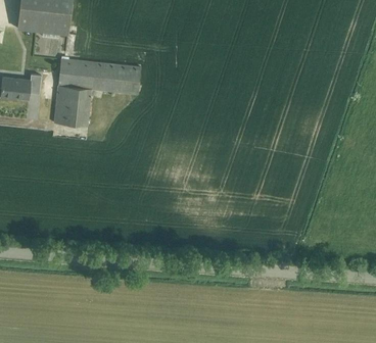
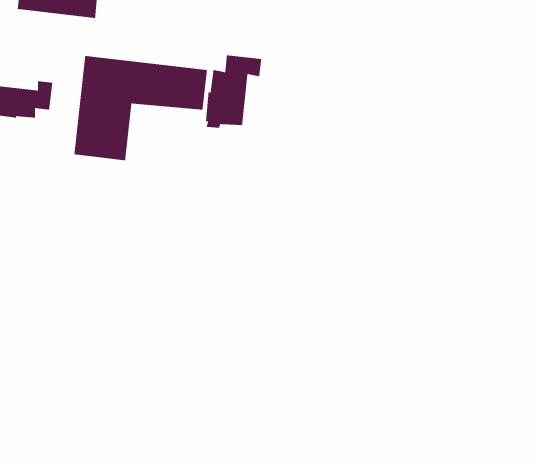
building: none -> [205,55,262,129]

